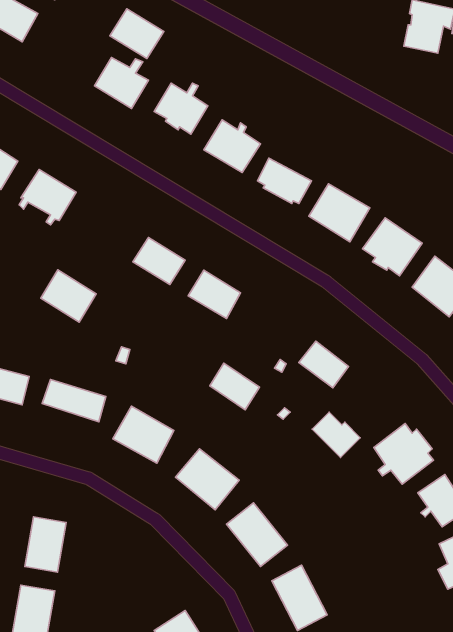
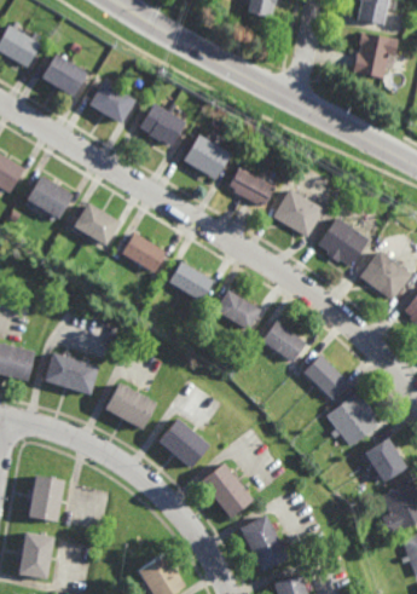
building: [110,9,164,58] -> [42,54,88,97]
building: [41,270,96,322] -> [74,203,121,248]
building: [210,363,259,410] -> [218,292,260,331]
building: [312,412,360,458] -> [306,357,347,396]

